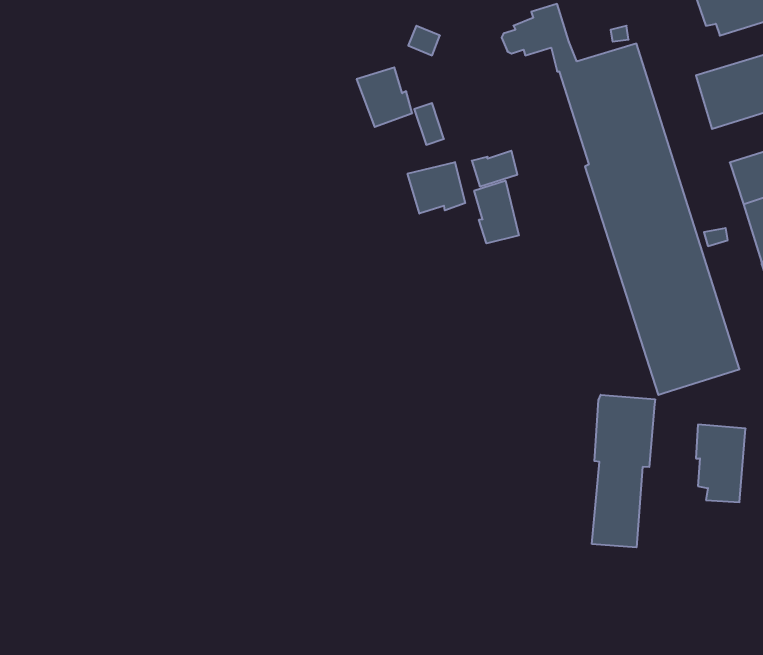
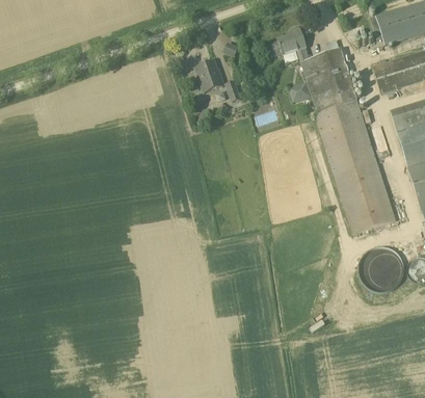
building: [408,162,465,214] -> none
building: [474,181,519,243] -> none
building: [592,395,655,547] -> none

